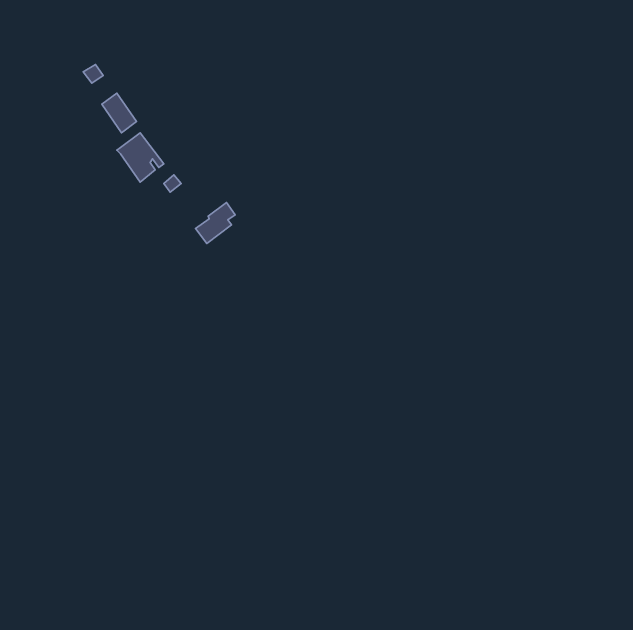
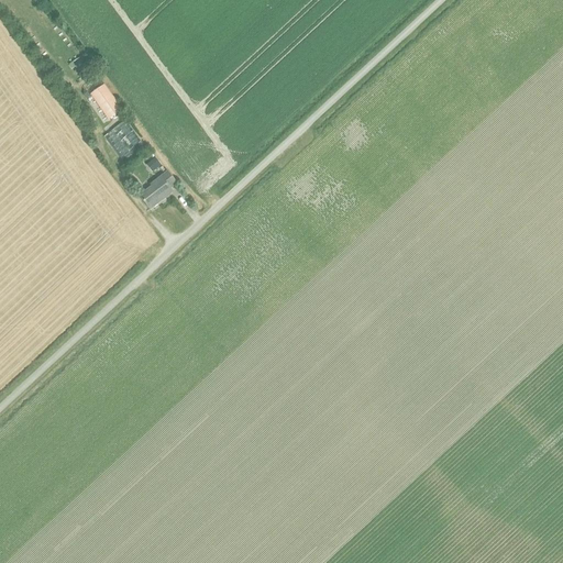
building: [196,203,235,244] -> [140,170,175,207]

